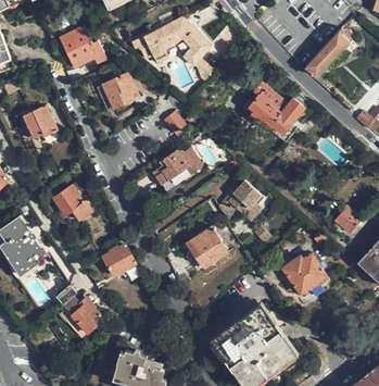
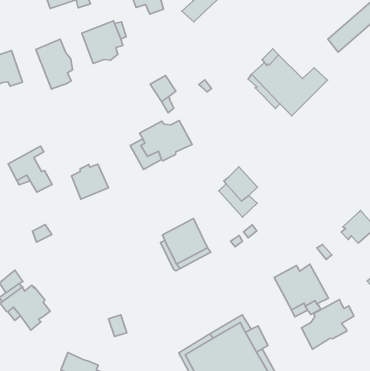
building: none -> [36,39,73,89]
building: [103,246,135,276] -> [72,164,109,199]
building: none -> [301,300,354,349]

